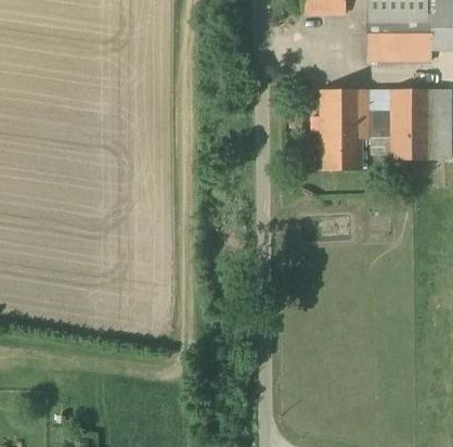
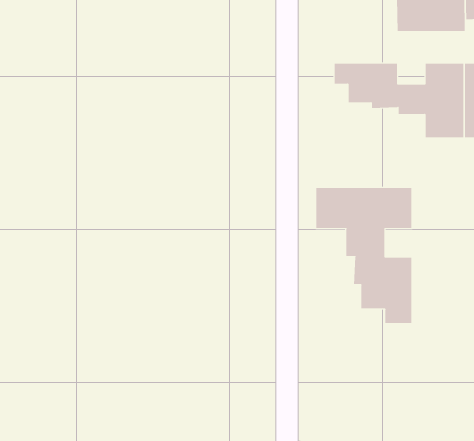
building: [324,126,371,169] -> none
building: none -> [316,187,412,324]

